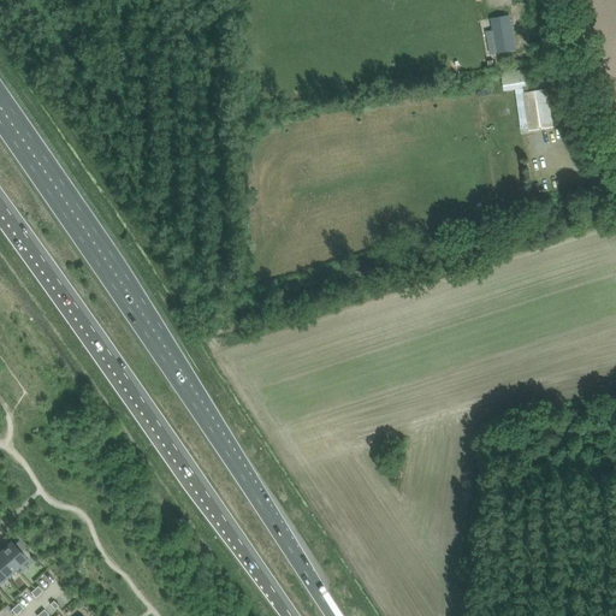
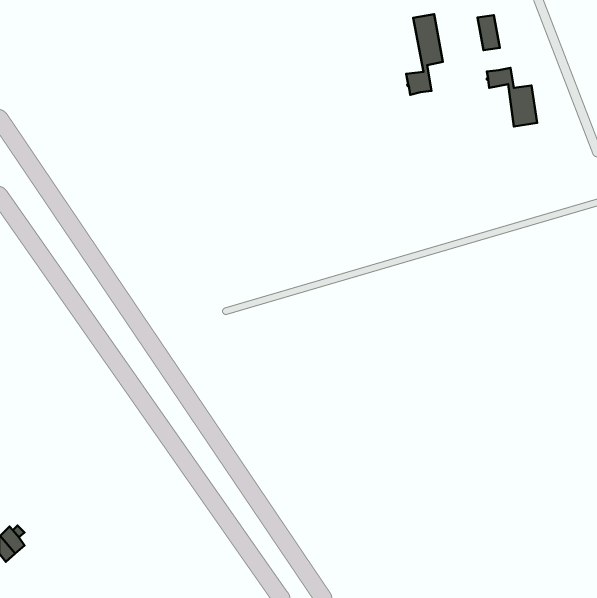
building: none -> [406,14,443,95]

